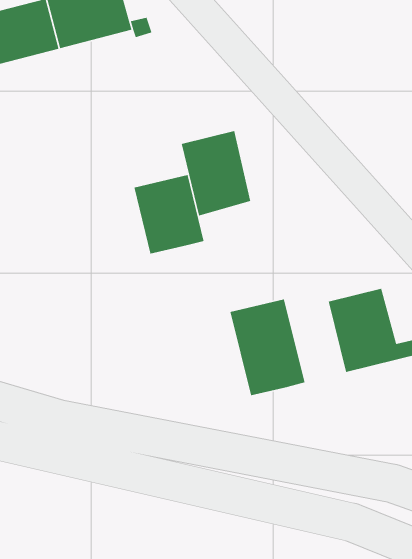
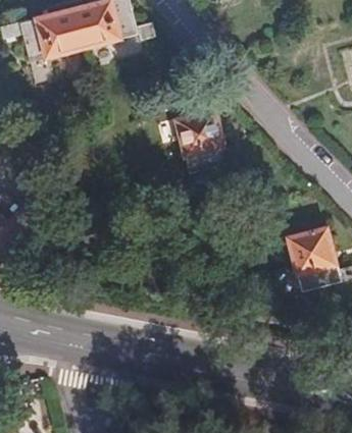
building: [133,174,205,255] -> none
building: [230,298,305,396] -> none

